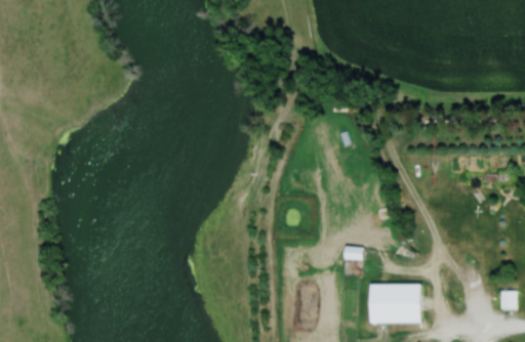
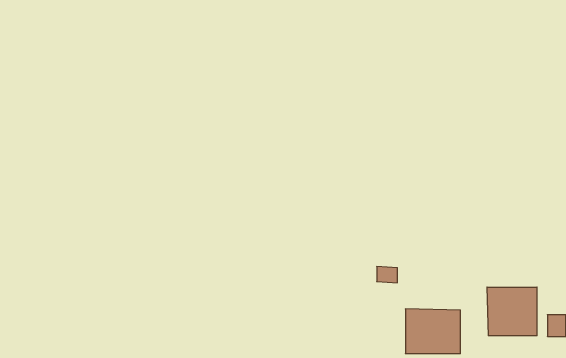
building: none -> [487,287,537,336]

